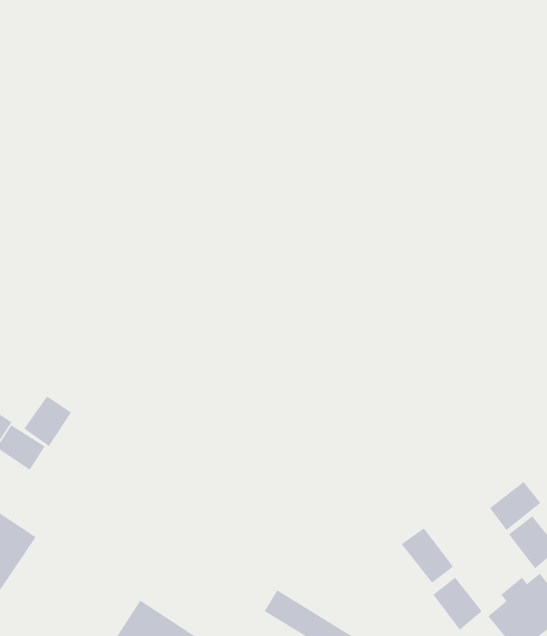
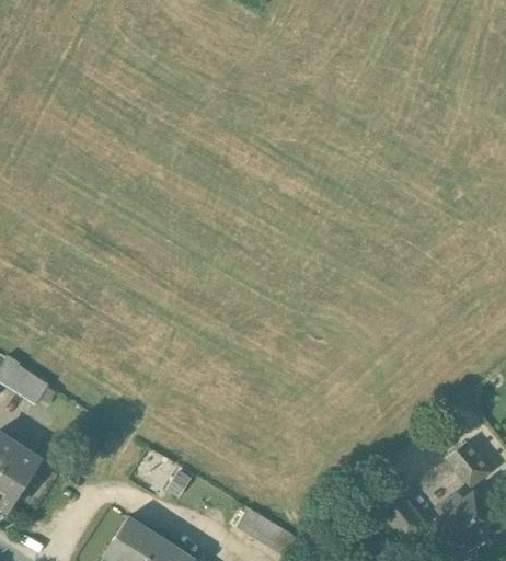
building: [23,396,72,447] -> none
building: [489,481,541,531] -> none
building: [401,527,454,583] -> none

